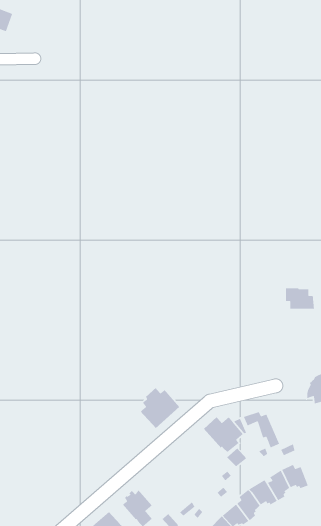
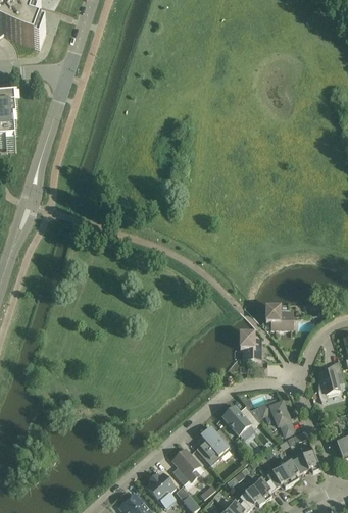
building: [285,287,315,309] -> [264,307,292,327]
building: none -> [238,332,259,358]
building: [140,387,180,429] -> [194,424,232,463]
building: none -> [170,447,198,482]

